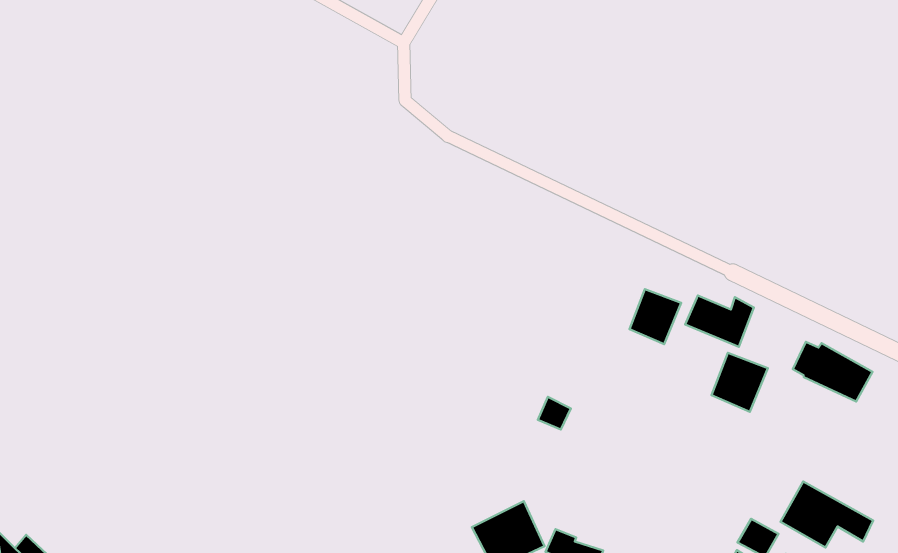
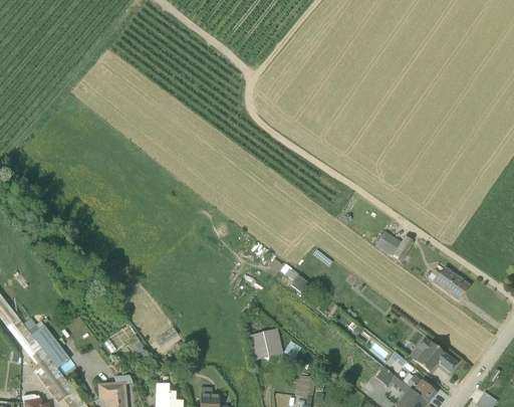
building: [629,289,681,344] -> none
building: [711,353,768,412] -> none

